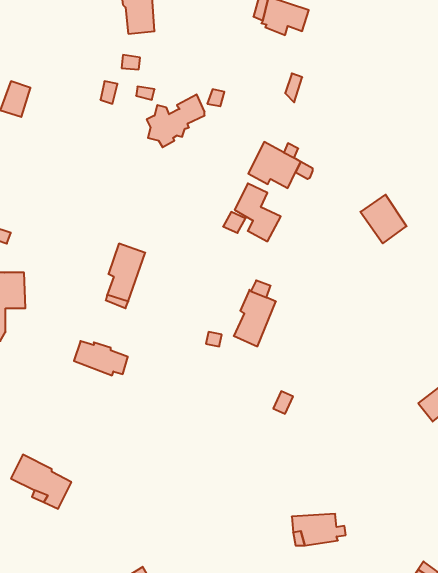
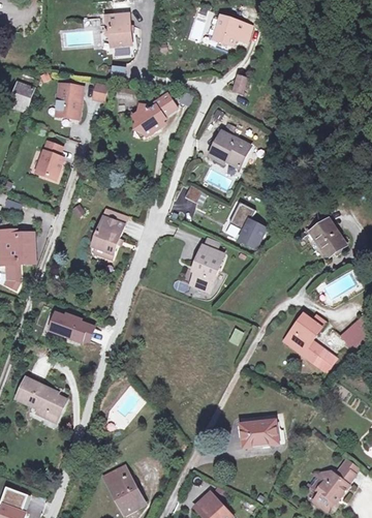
building: none -> [52,82,79,117]
building: none -> [33,141,61,179]
building: [235,183,281,241] -> [231,203,268,248]
building: [360,195,407,243] -> [306,218,342,256]
building: [74,341,128,375] -> [53,314,95,341]
building: none -> [285,312,335,368]

